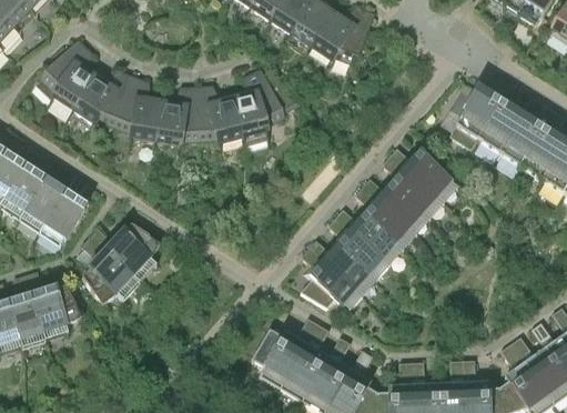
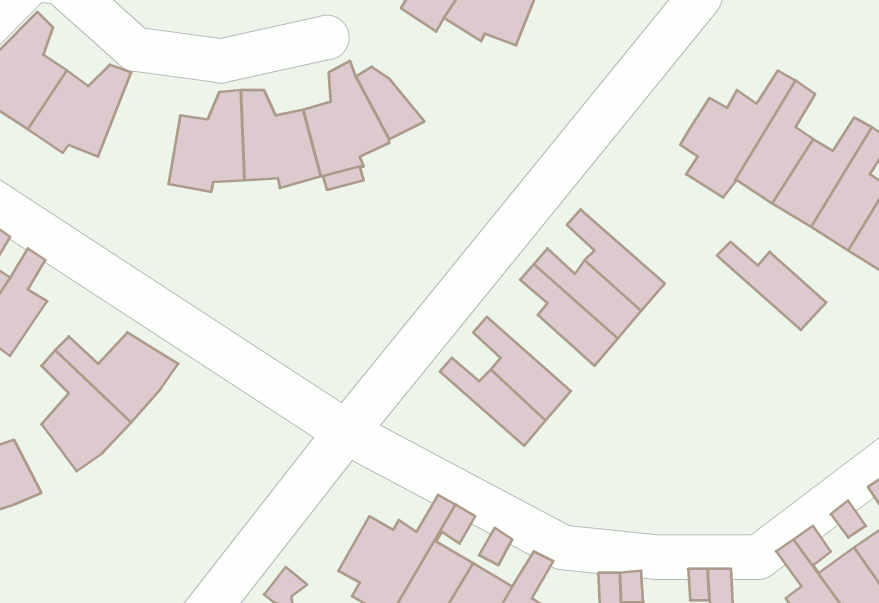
building: [114,77,161,140] -> none
building: [388,147,450,197] -> [717,242,826,330]
building: [335,208,396,258] -> none
building: [300,246,356,306] -> none

